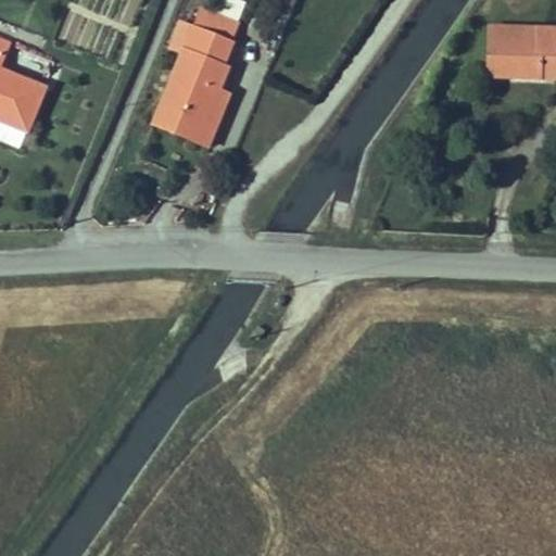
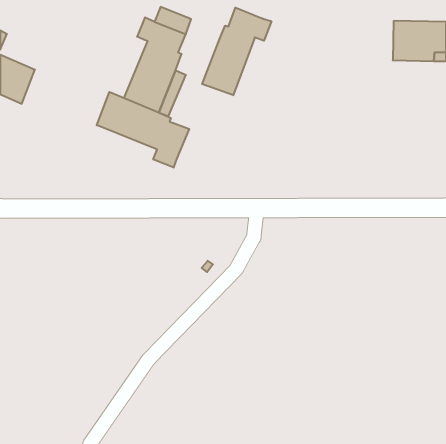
building: none -> [202,8,271,95]
building: none -> [97,92,189,168]

